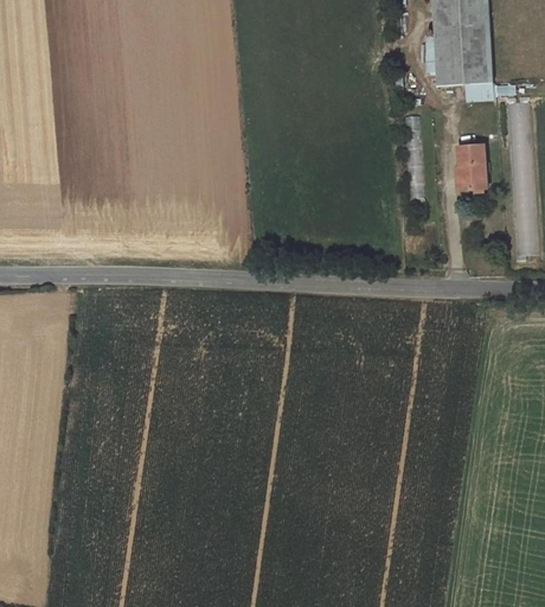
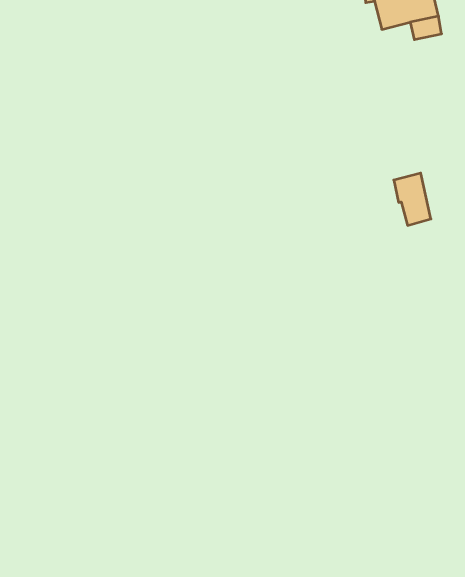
building: [457,143,486,190] -> [394,173,431,225]

